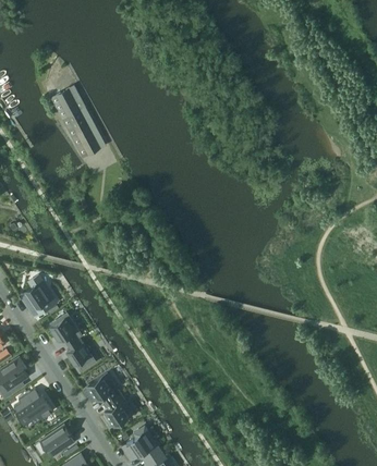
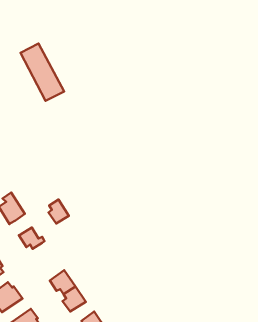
building: [65,339,92,369] -> [48,200,69,224]

